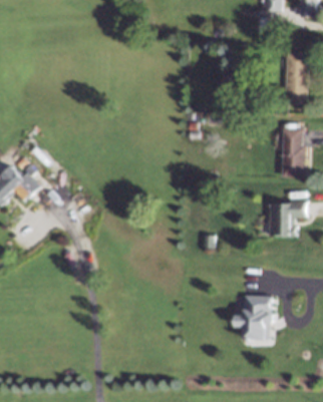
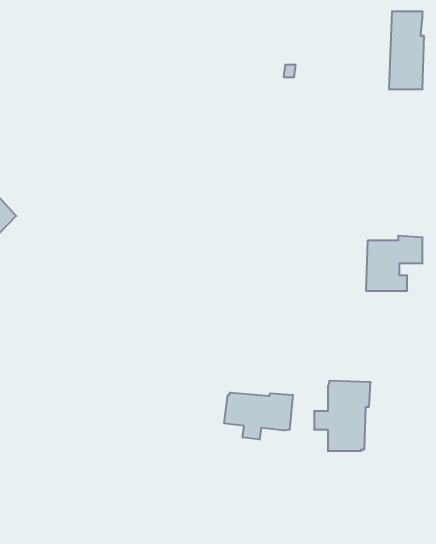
building: [282,125,306,175] -> none
building: none -> [224,392,293,440]

